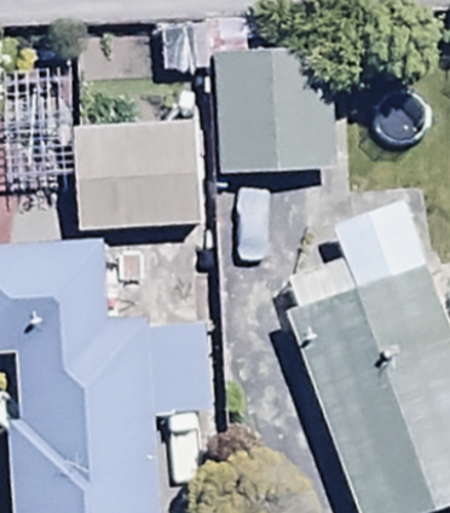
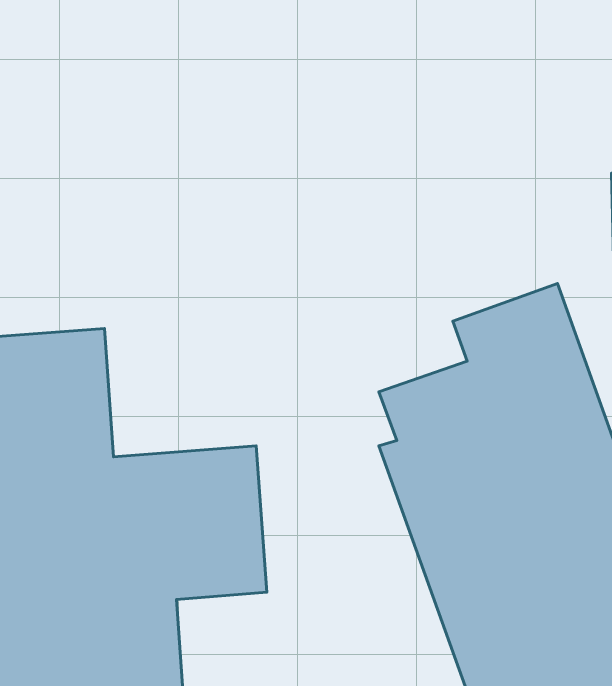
building: [214,44,338,174] -> none
building: [76,123,204,229] -> none

